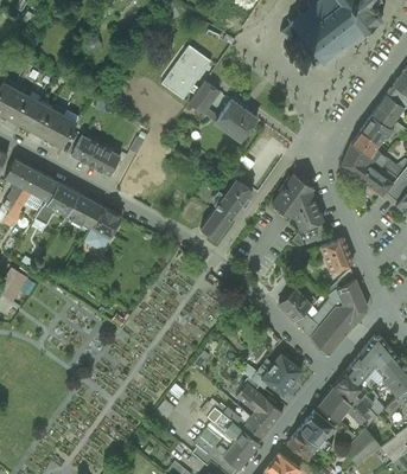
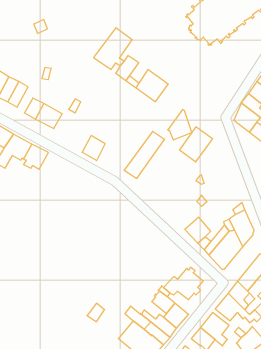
building: [293,192,324,231] -> [168,109,192,140]
building: [91,206,121,238] -> [82,136,105,161]
building: [322,239,354,273] -> none

